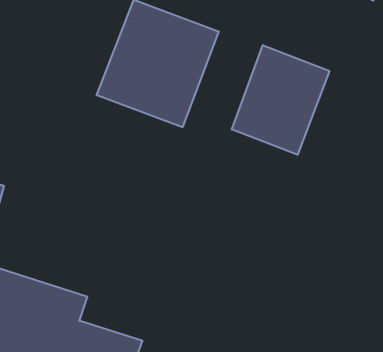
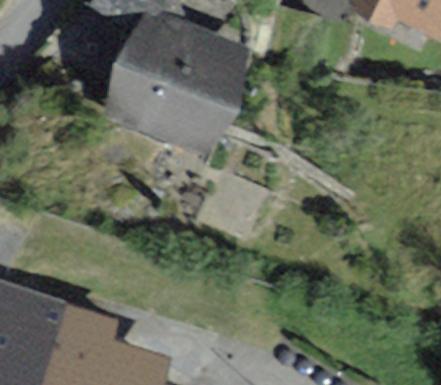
building: [232,45,329,155] -> none

